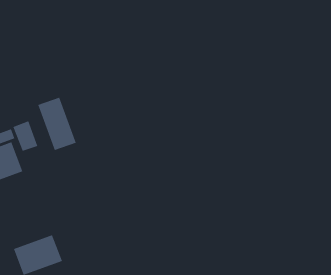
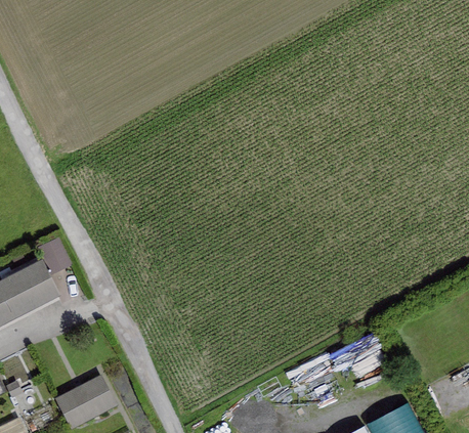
building: [38,97,76,151] -> none

